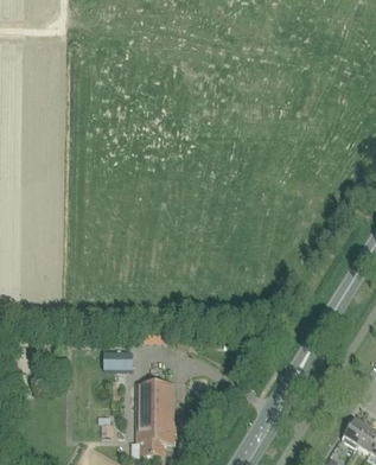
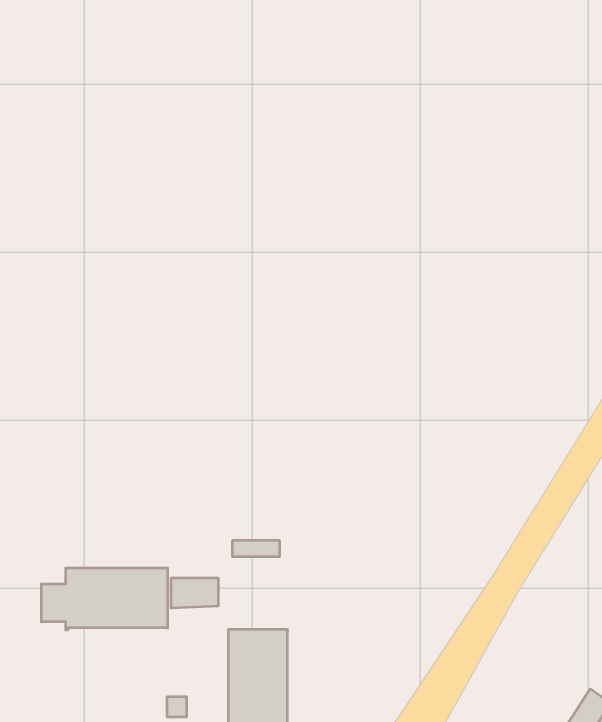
building: none -> [41,568,168,630]

